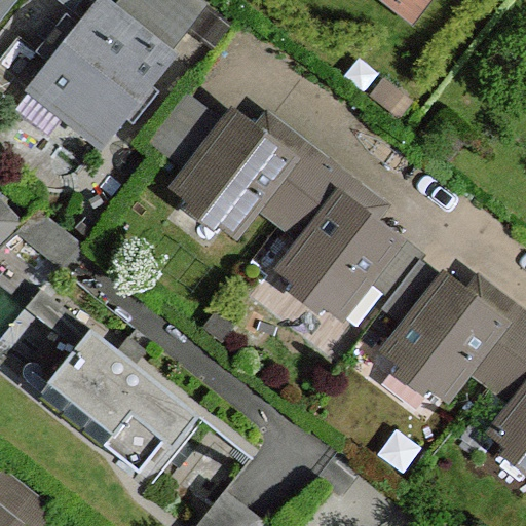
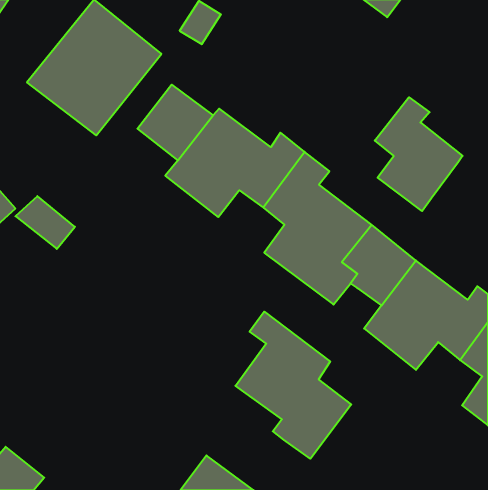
building: none -> [375,97,463,211]
building: [47,329,199,473] -> none
building: none -> [235,312,351,459]

